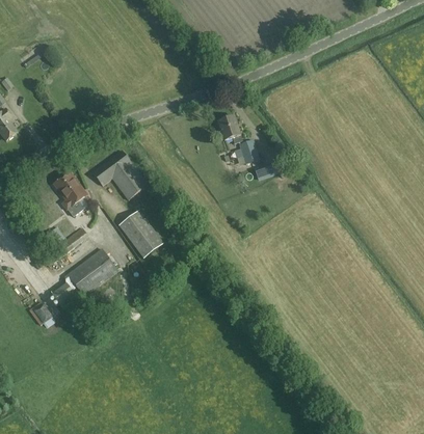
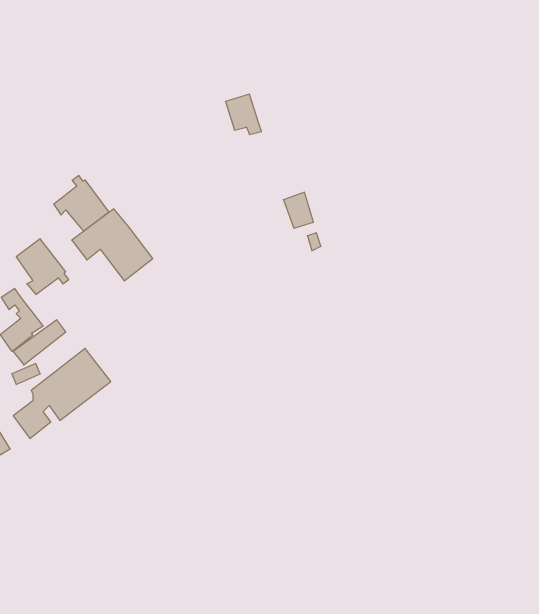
building: [217,115,242,143] -> [225,94,261,135]
building: none -> [54,175,109,231]
building: [117,210,163,259] -> none

